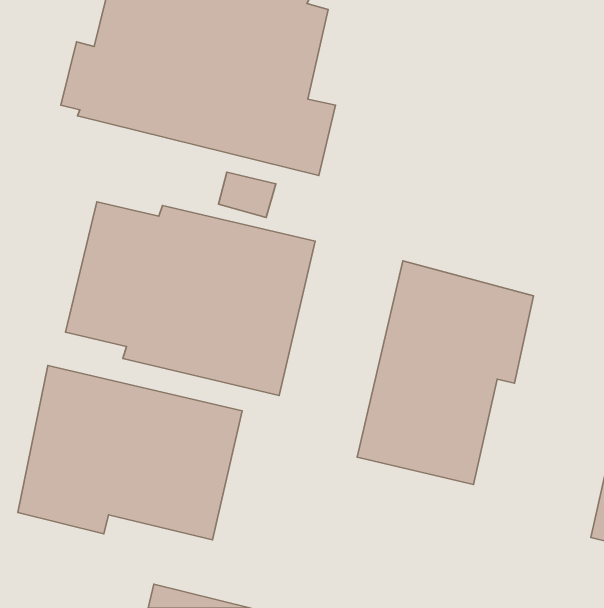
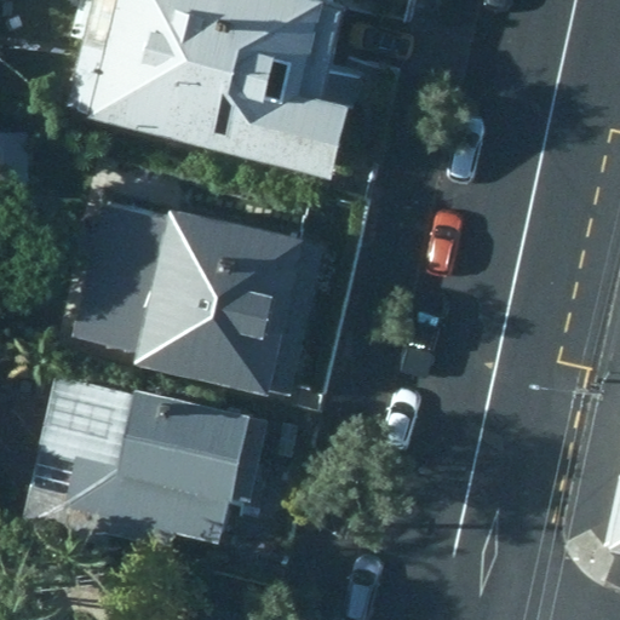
building: [357,261,533,484] -> none

